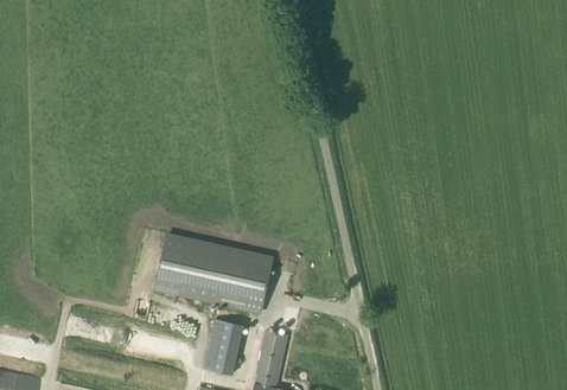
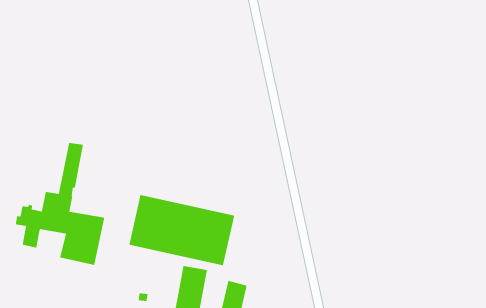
building: none -> [15,142,105,266]

